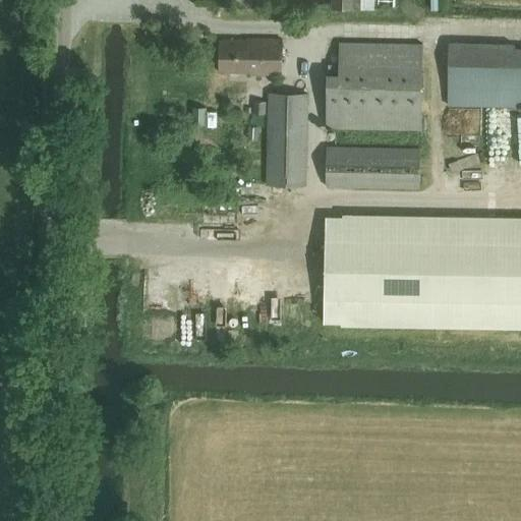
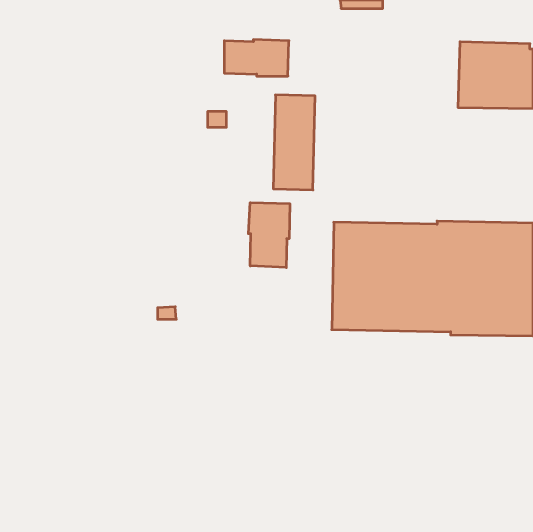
building: [326,43,422,130] -> none
building: [326,147,420,190] -> none
building: none -> [248,203,290,268]

